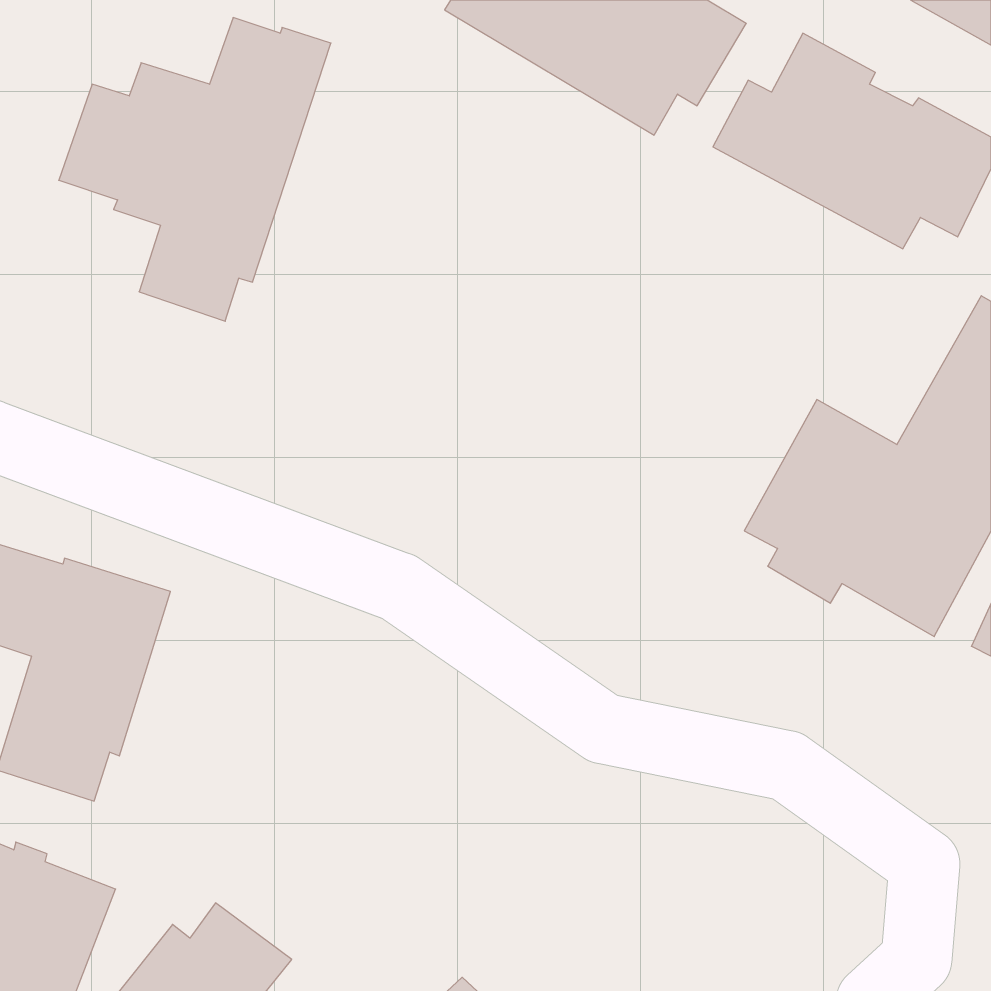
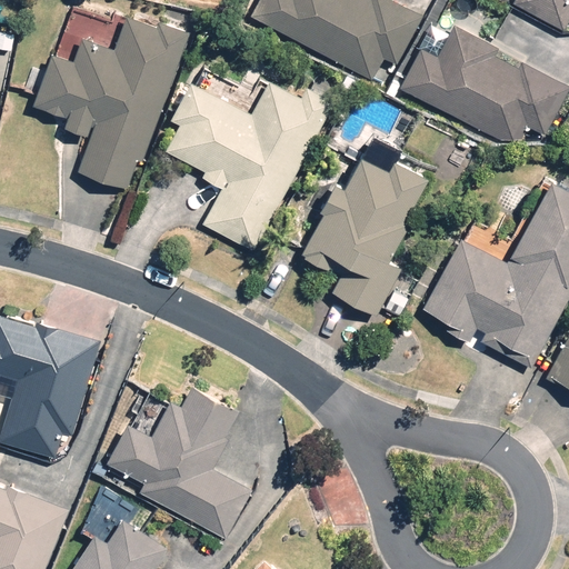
building: none -> [167,80,332,252]
building: none -> [303,149,432,316]
building: none -> [108,385,252,539]

